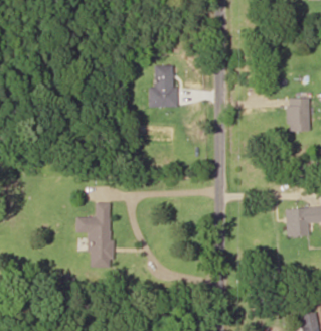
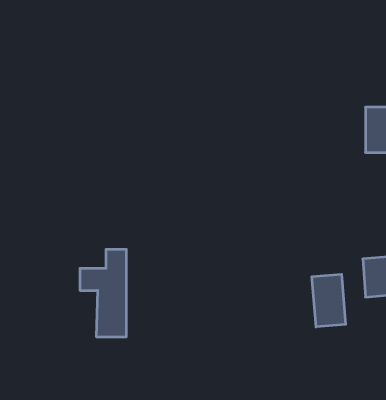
building: [149,64,175,106] -> none
building: none -> [312,274,346,327]

